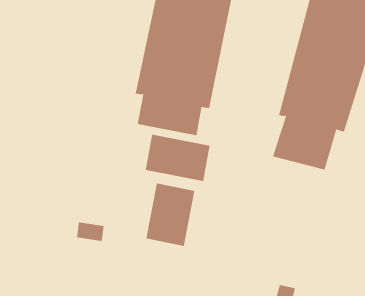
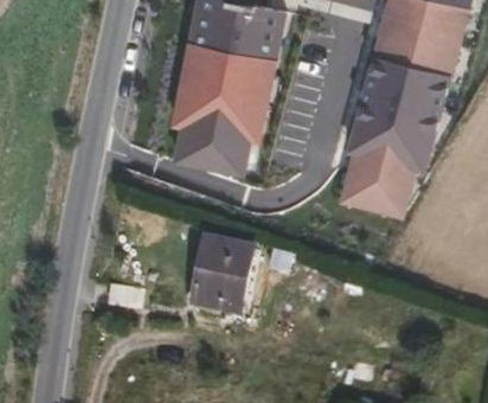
building: [145,134,210,182] -> none

